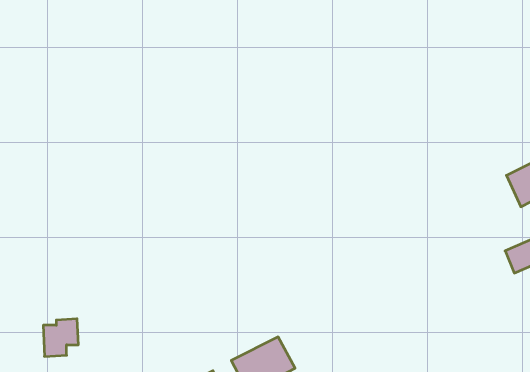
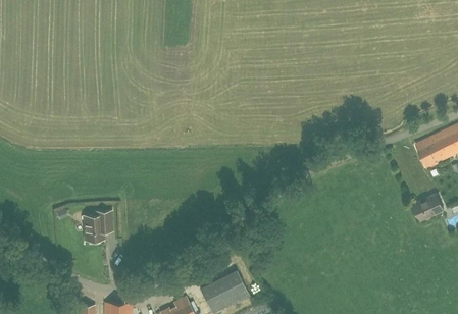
building: [43,319,78,356] -> [86,212,113,242]

